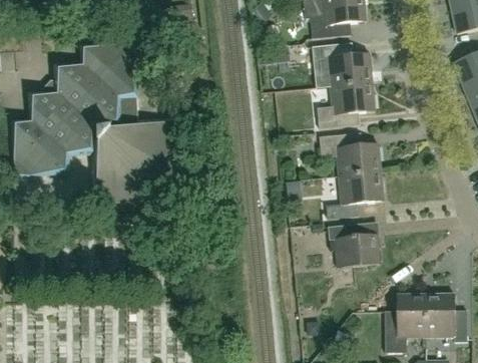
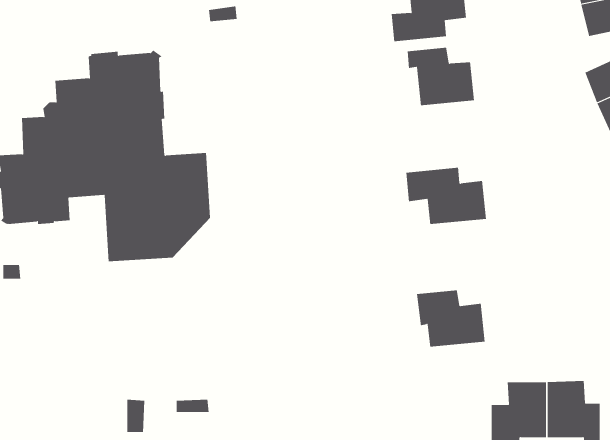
building: [317,82,375,128] -> none
building: [326,171,384,219] -> none

